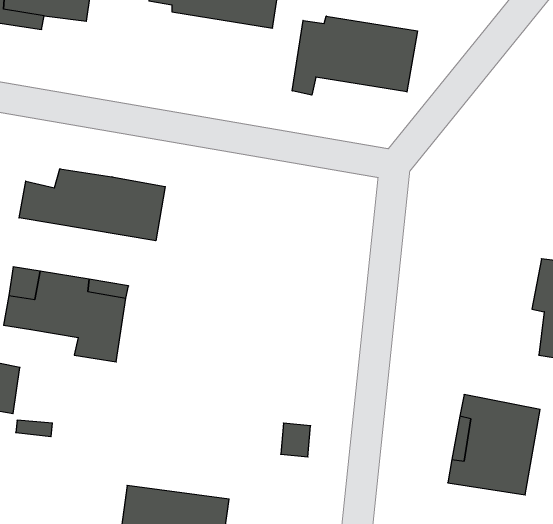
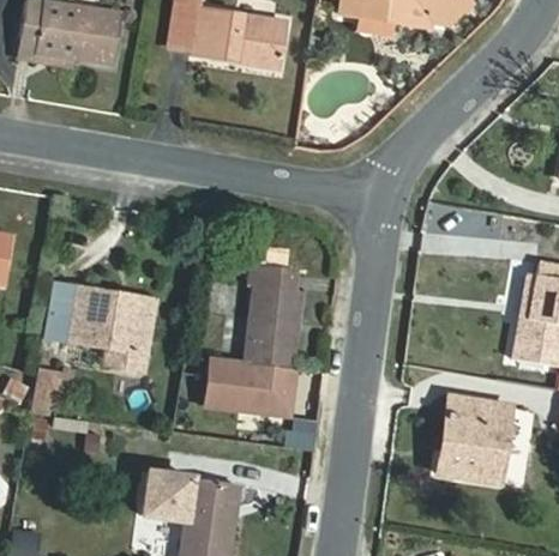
building: [292,16,417,95] -> none
building: [19,169,165,241] -> none
building: none -> [202,267,303,415]

